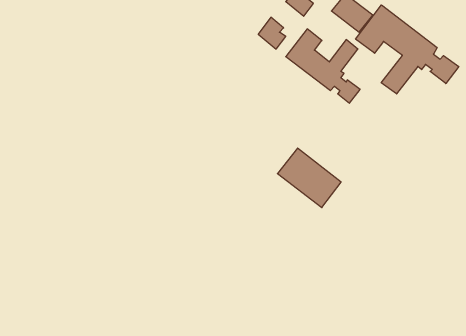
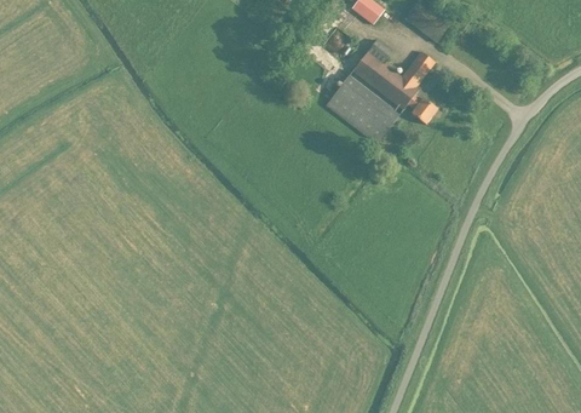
building: [356,5,459,94] -> none
building: [277,148,341,208] -> [326,76,398,144]

